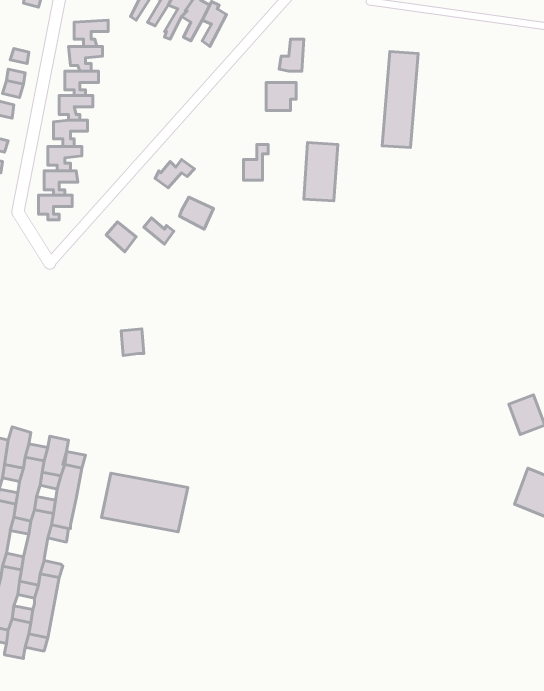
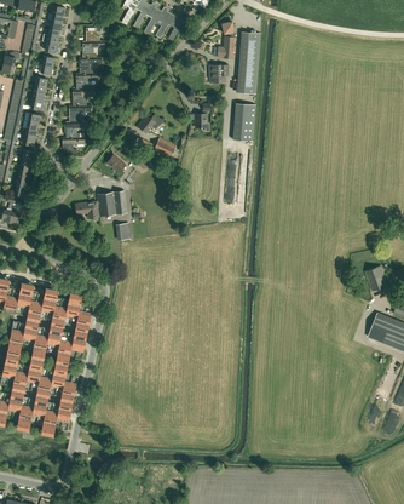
building: [382,52,418,148] -> [237,31,260,93]
building: none -> [75,190,127,217]
building: [101,473,188,532] -> none

